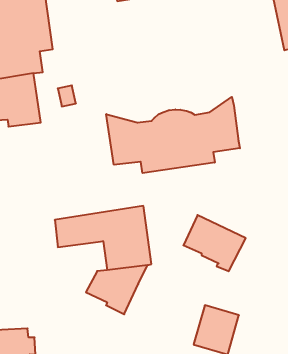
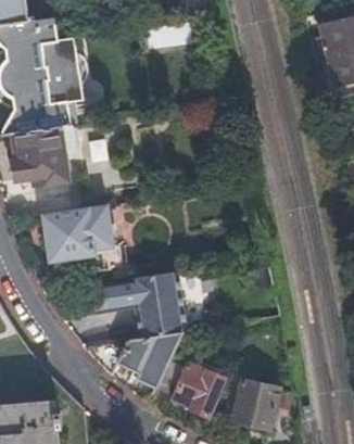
building: [106,97,240,173] -> none
building: none -> [42,203,121,270]
building: [183,215,246,271] -> [157,353,225,414]

